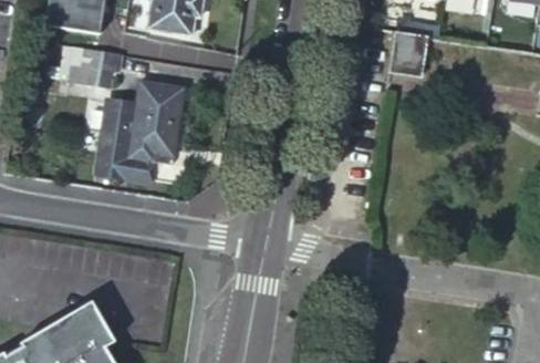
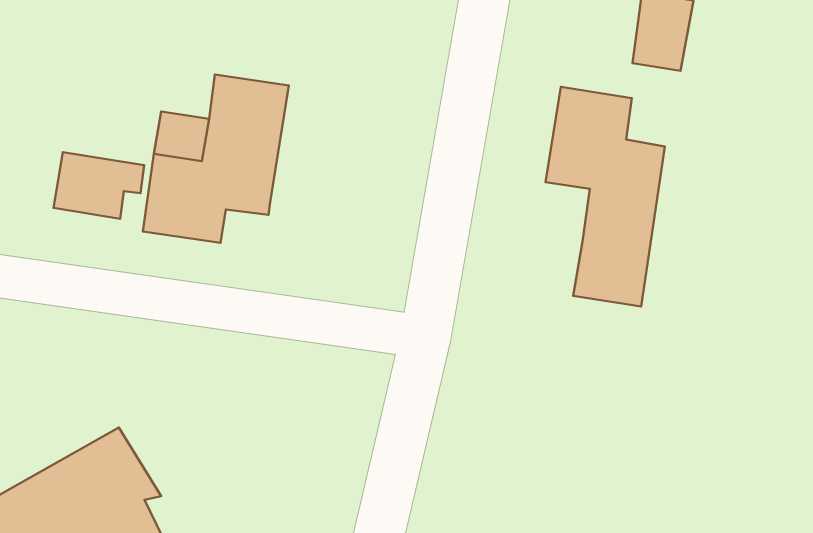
building: [69,46,123,86] -> [54,152,144,219]
building: none -> [546,87,665,306]

